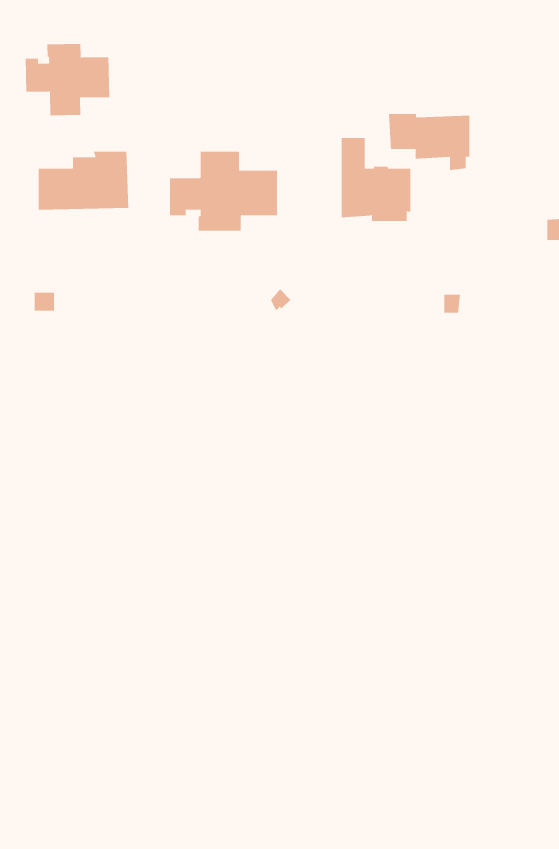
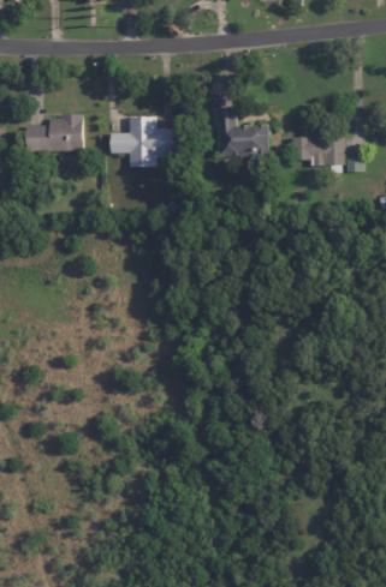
building: [25,43,110,116] -> none
building: [388,113,470,171] -> [293,137,345,173]

